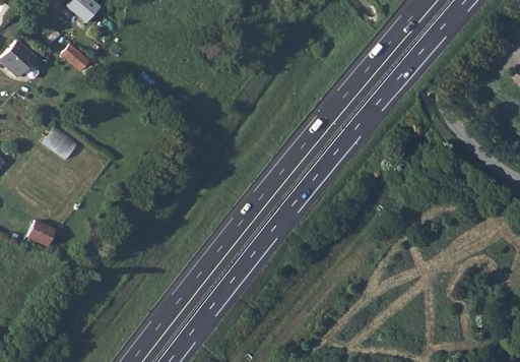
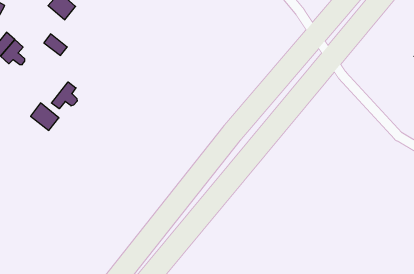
building: none -> [51,82,77,109]
building: [28,219,56,245] -> none

